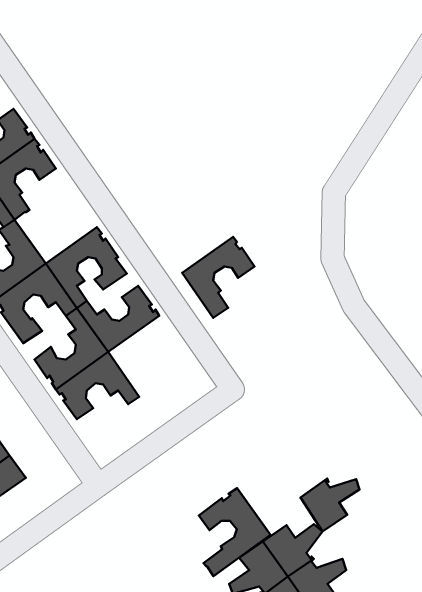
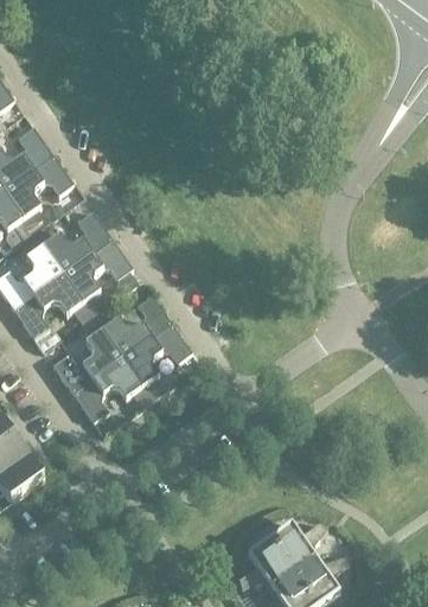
building: none -> [33,210,111,273]
building: [182,237,254,318] -> [122,322,191,400]
building: [300,479,360,532] -> none
building: [199,488,271,576] -> none

